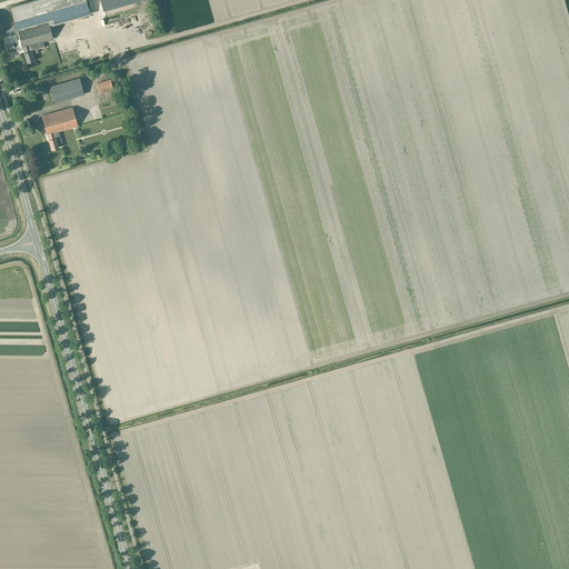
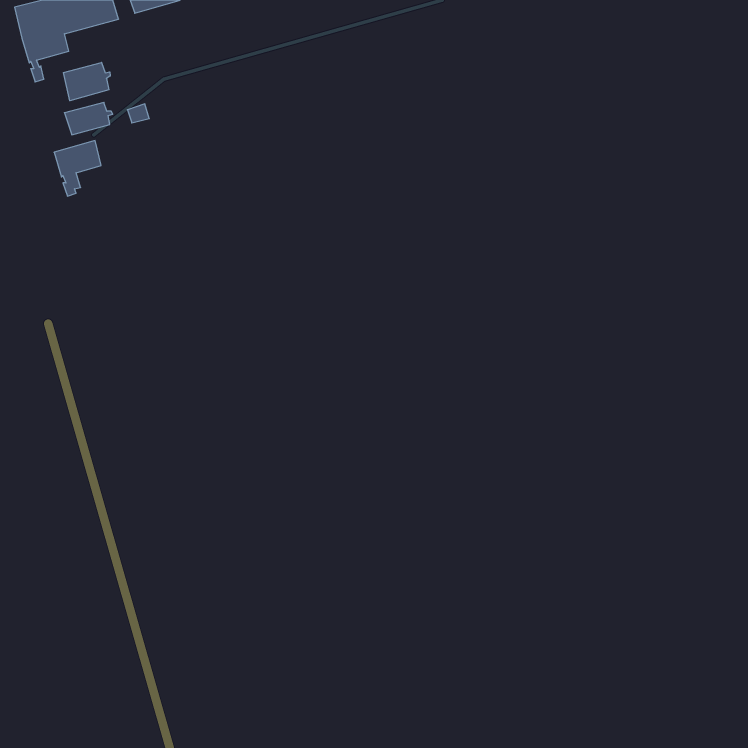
building: none -> [64,62,110,101]

